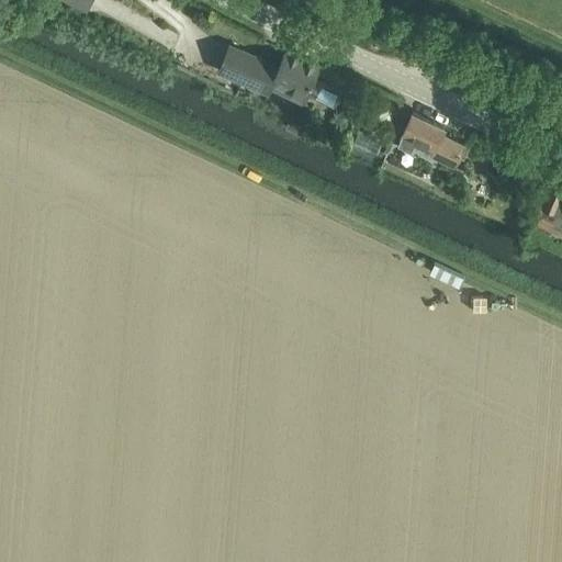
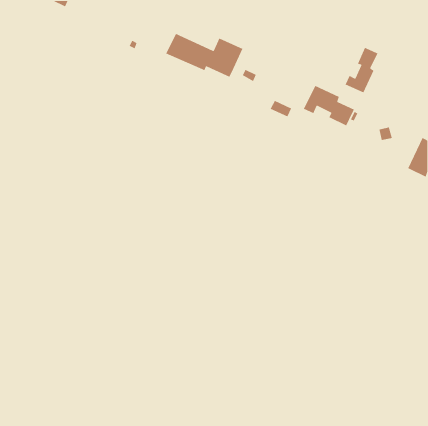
building: none -> [344,47,378,94]

